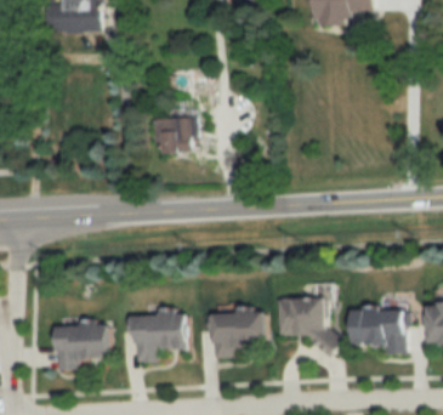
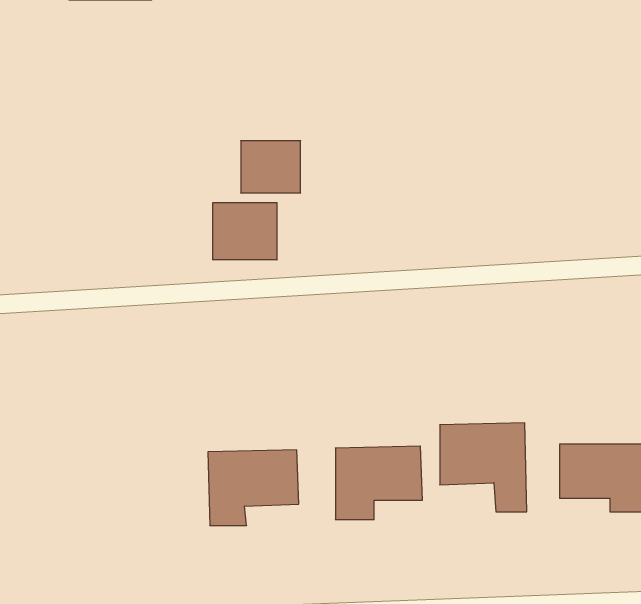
building: none -> [213,203,277,260]
building: [53,325,110,371] -> none

